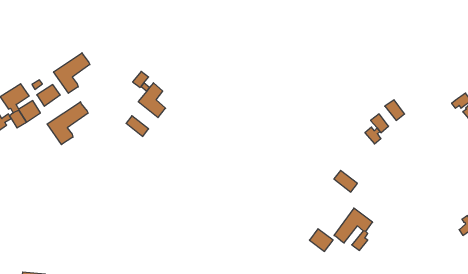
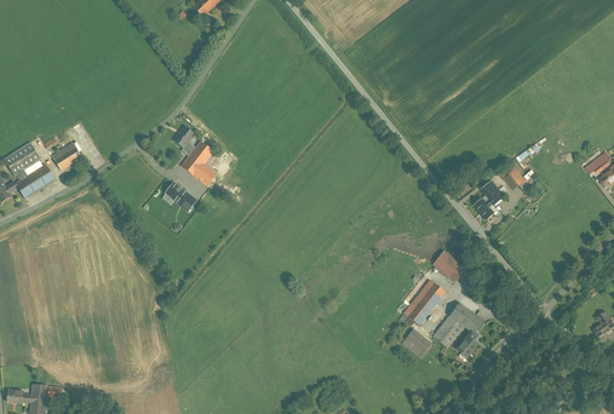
building: [54,53,90,93] -> none
building: [47,102,88,145] -> none
building: none -> [402,278,444,324]

